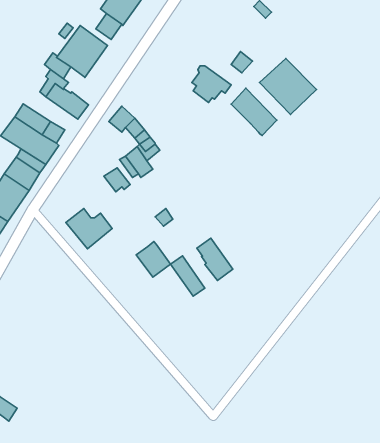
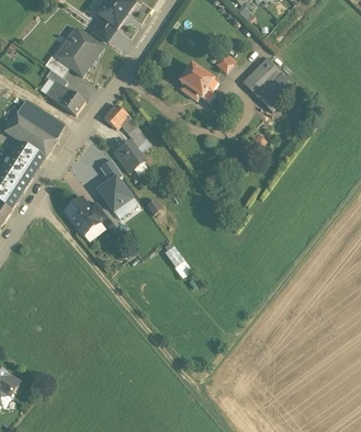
building: [231,88,277,135] -> none
building: [197,238,233,281] -> none
building: [136,242,171,277] -> [99,177,131,209]

